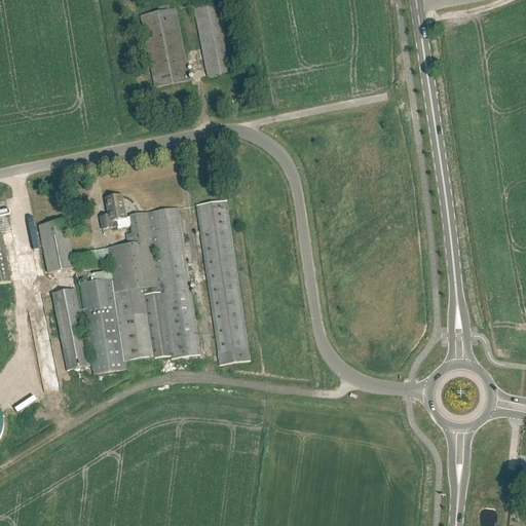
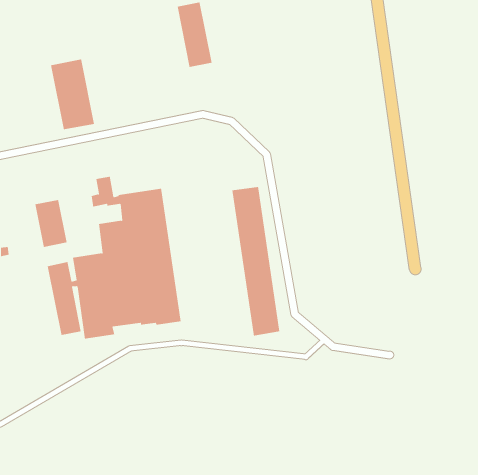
building: [141,6,190,84] -> [50,59,95,130]
building: [196,199,250,364] -> [232,186,280,336]

